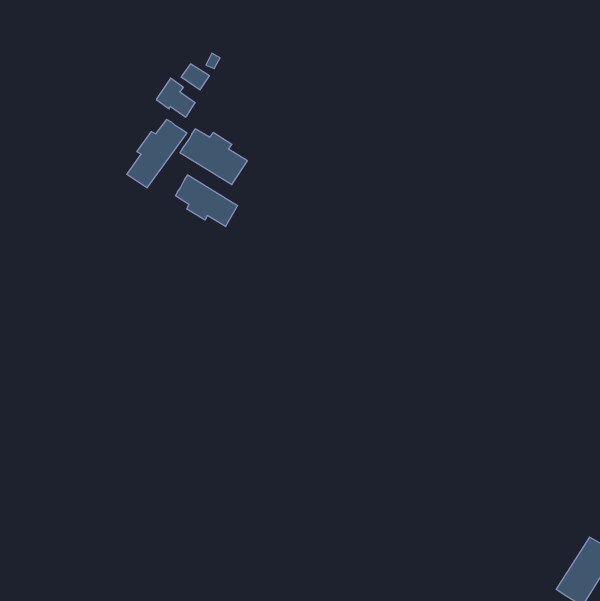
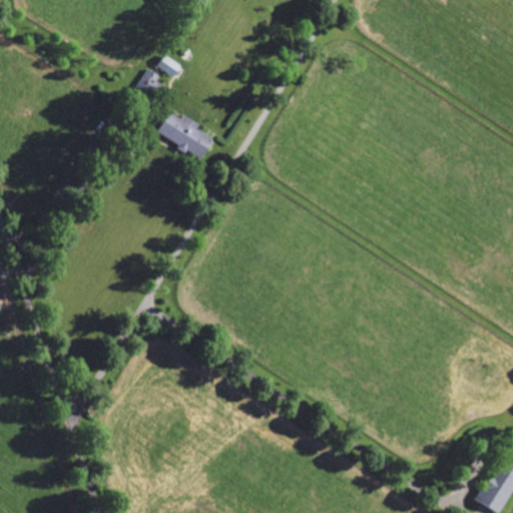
building: [127,119,187,188] -> none
building: [176,175,238,227] -> none

